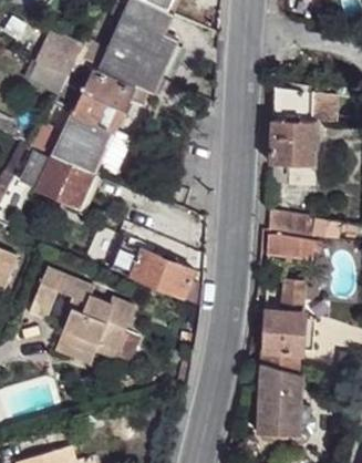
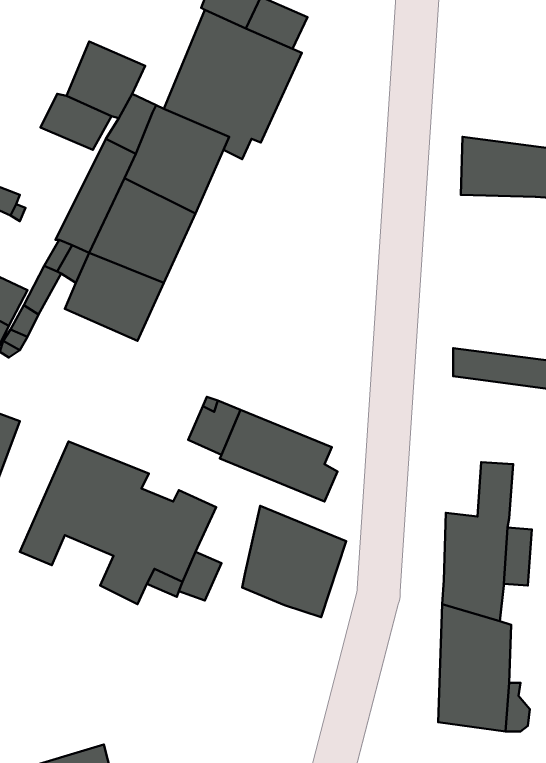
building: [271,121,318,188] -> none
building: [267,234,318,263] -> none
building: none -> [242,506,346,617]

